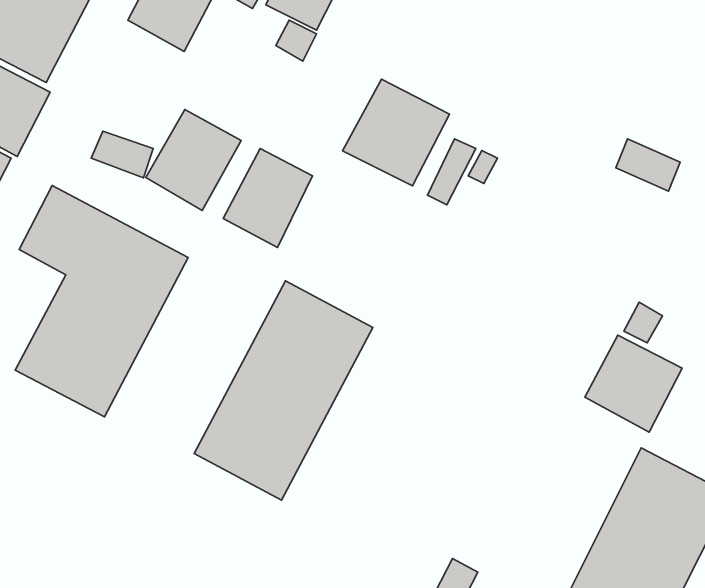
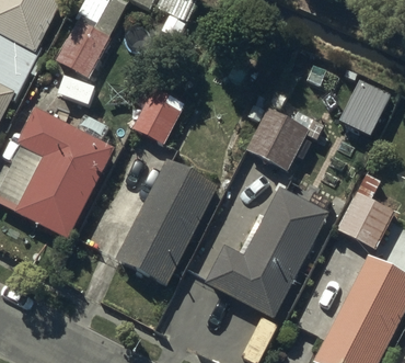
building: [343,79,450,186] -> [246,109,306,169]
building: [146,109,241,211] -> [55,19,108,76]
building: none -> [206,189,326,317]

